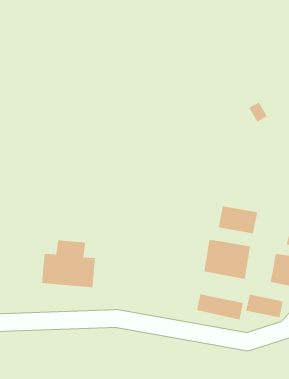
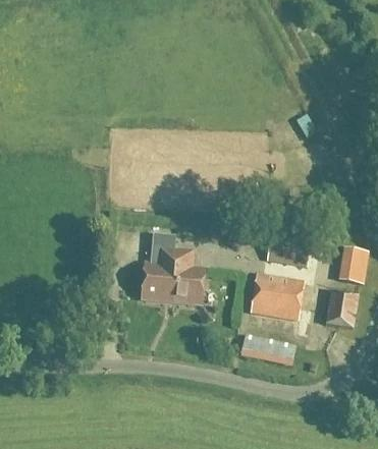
building: [41,240,96,288] -> [142,248,204,303]
building: [245,294,283,318] -> none

